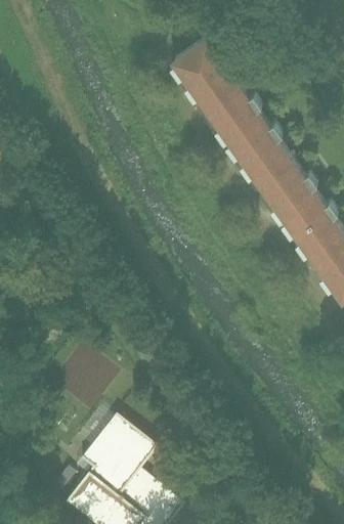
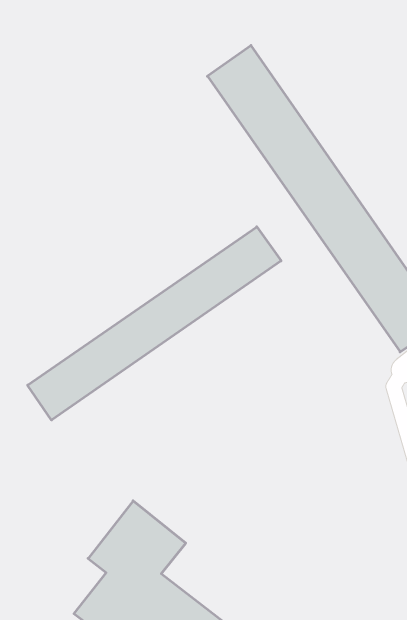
building: none -> [28,227,281,420]

